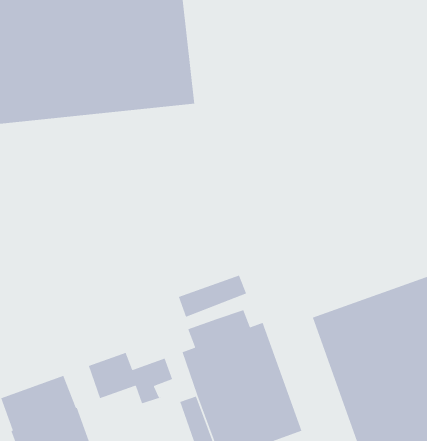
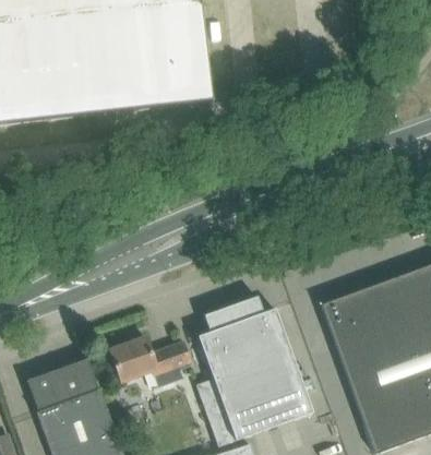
building: [178,275,247,318] -> none

